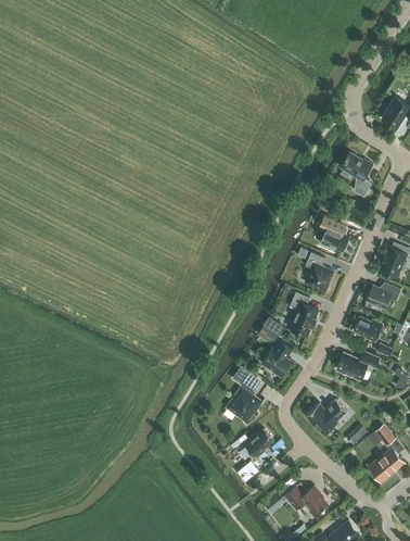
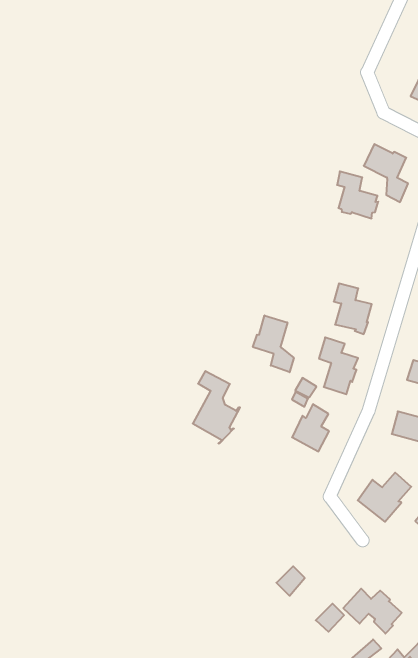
building: [320,214,350,252] -> [337,171,378,218]
building: none -> [253,315,294,372]
building: [228,368,265,424] -> [193,371,240,443]
building: [245,428,274,457] -> none

